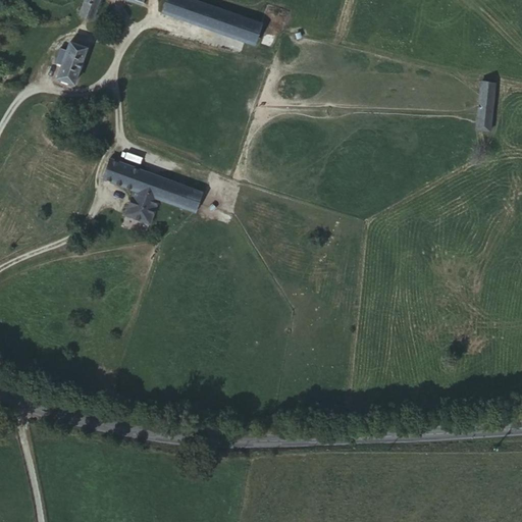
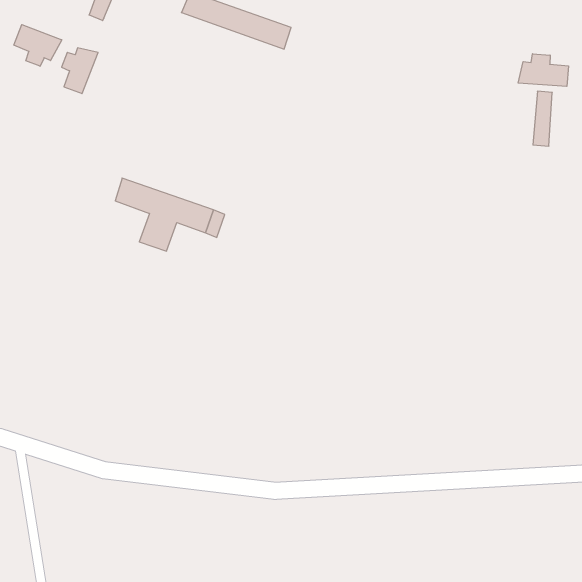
building: none -> [14,25,62,66]
building: none -> [518,54,568,86]

